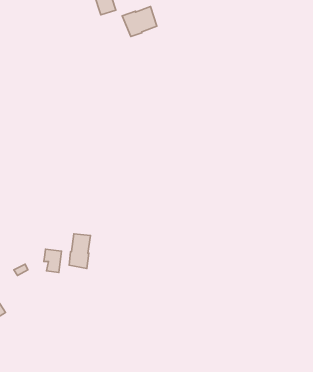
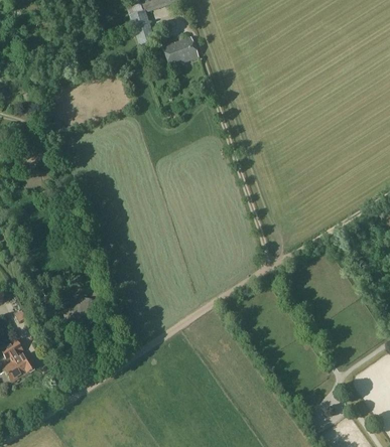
building: [69,234,91,269] -> none

